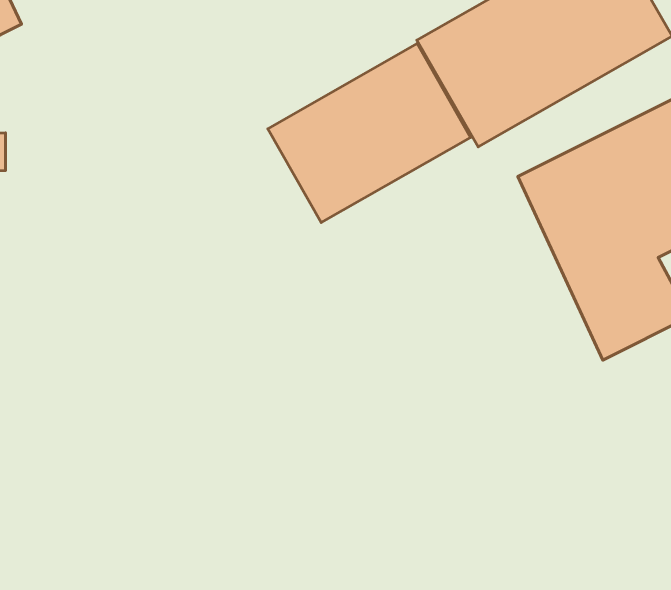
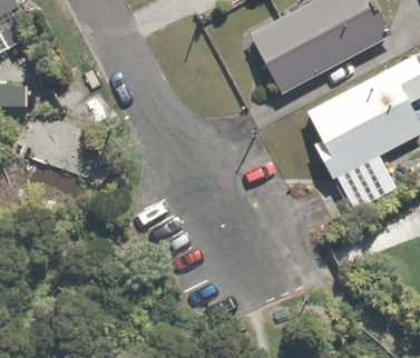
building: [268,44,470,223] -> none

